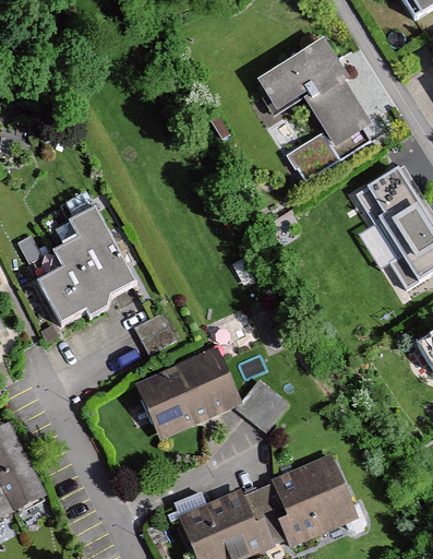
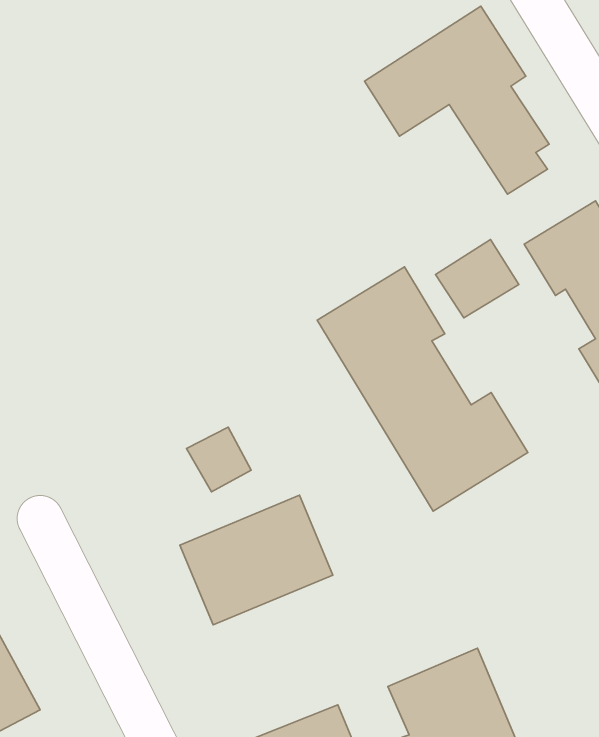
building: [289,128,344,179] -> [436,240,519,318]
building: none -> [317,267,528,511]
building: [35,209,130,324] -> none
building: [239,381,287,429] -> none

